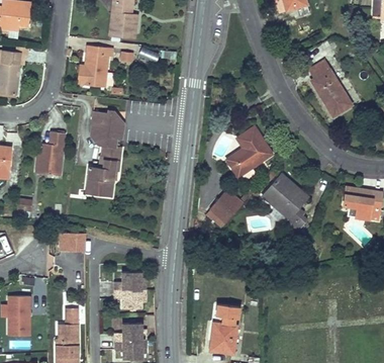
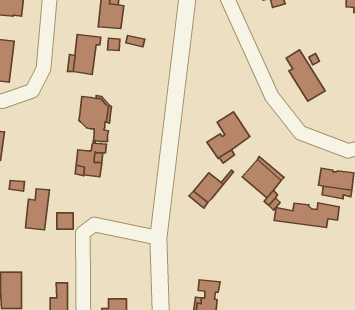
building: [39,131,65,175] -> [26,189,49,230]
building: none -> [274,203,339,228]
building: [113,273,140,309] -> none

